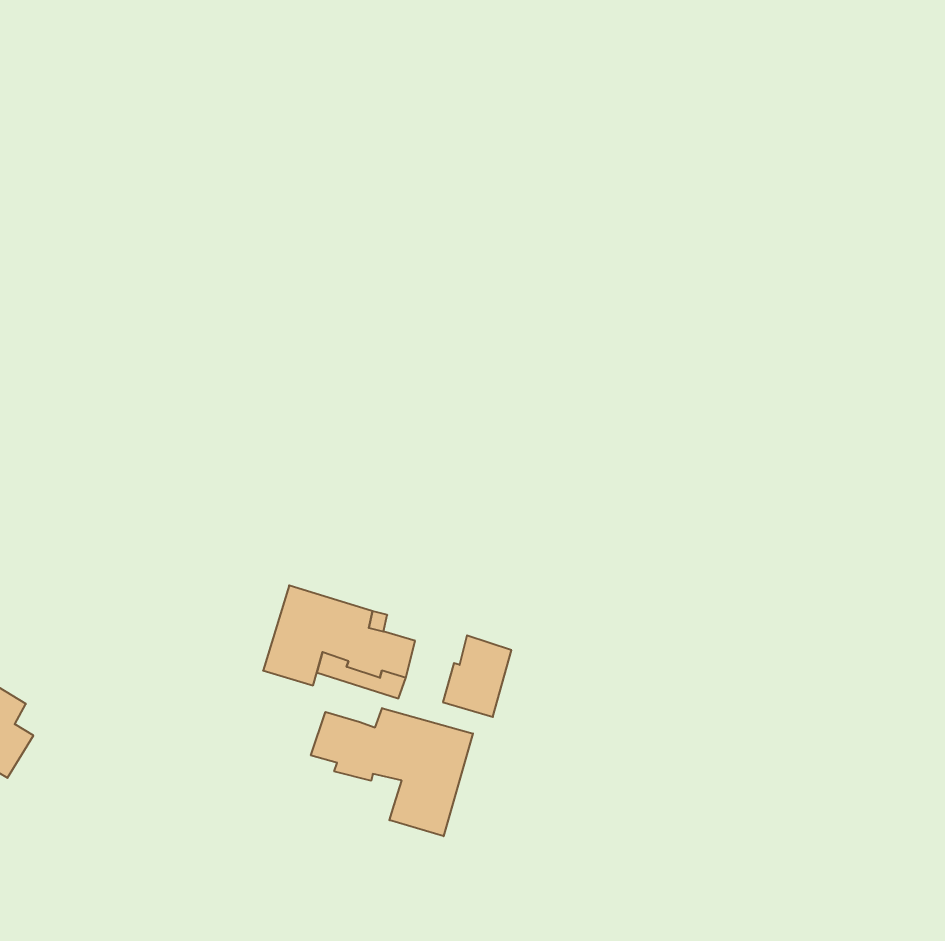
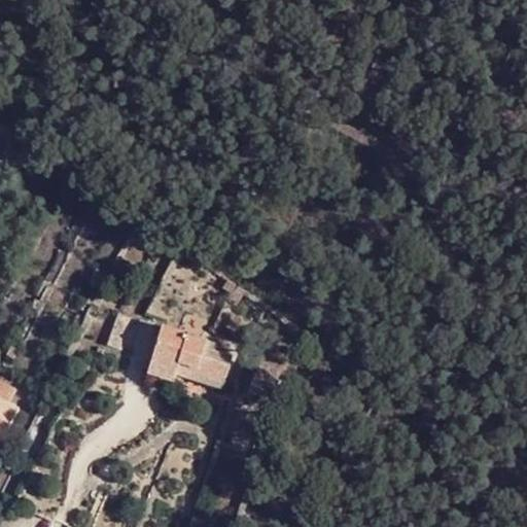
building: [311,708,473,836] -> none

